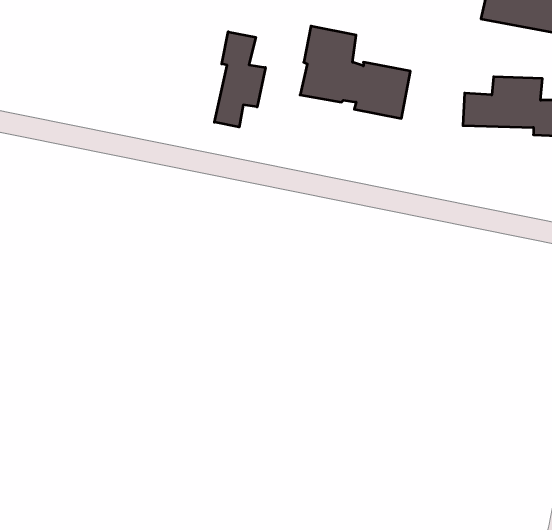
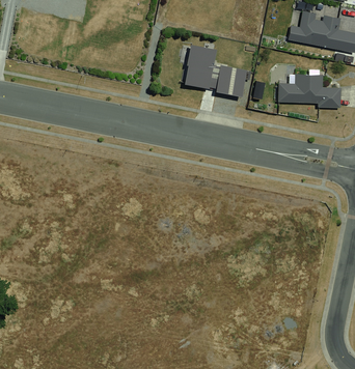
building: [214,32,265,127] -> none

